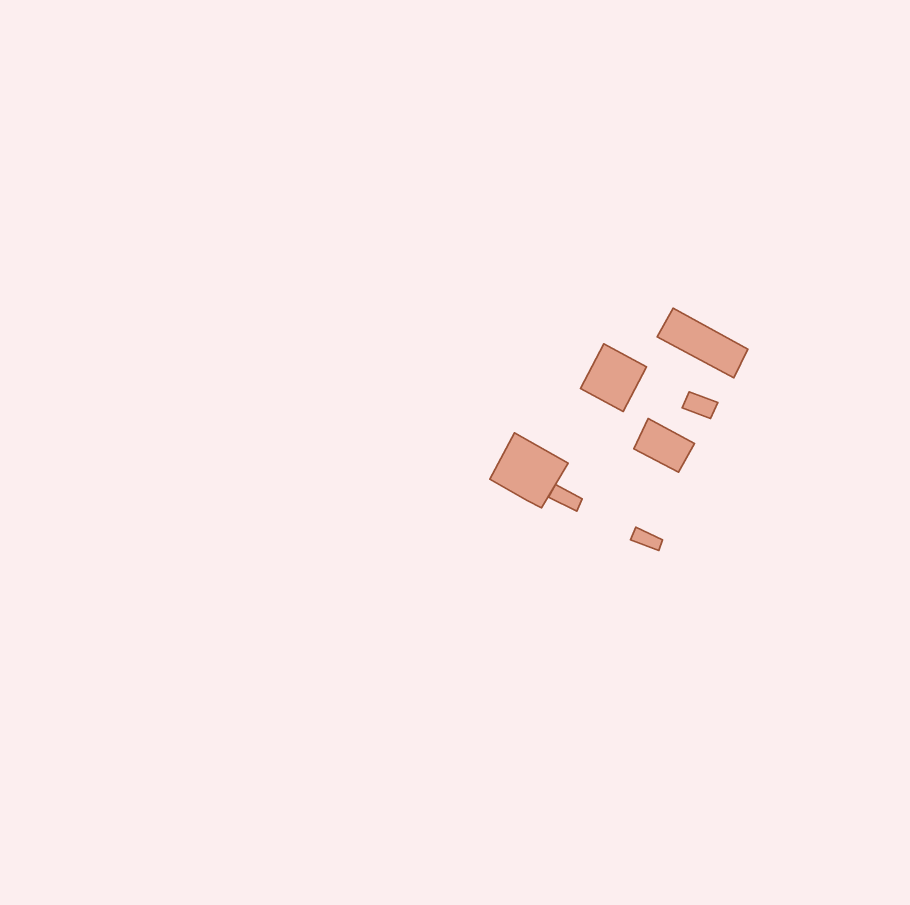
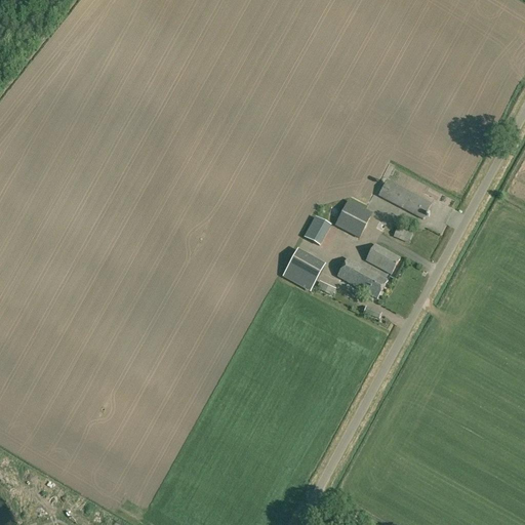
building: none -> [305,215,331,244]
building: none -> [337,257,387,296]

